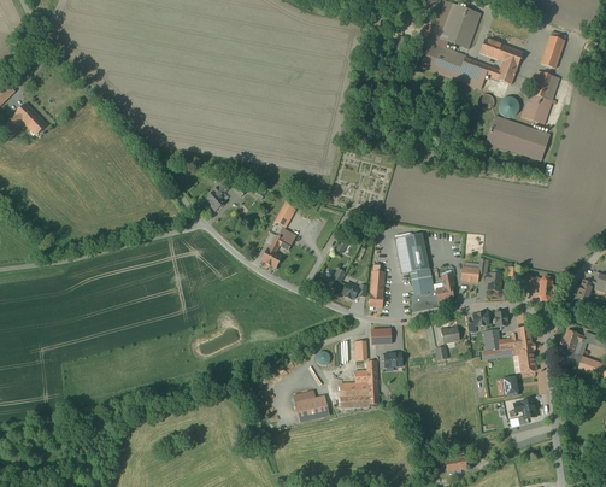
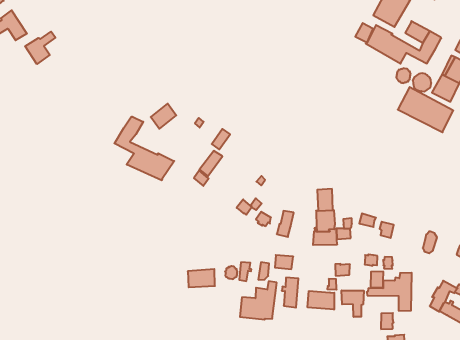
building: none -> [25,32,55,64]
building: none -> [114,117,174,180]
building: none -> [342,290,364,317]
building: none -> [308,291,334,310]
building: [294,397,328,422] -> [188,269,215,287]

